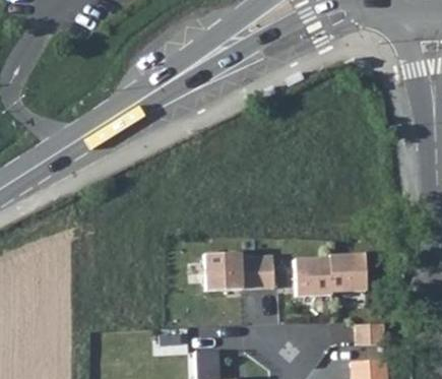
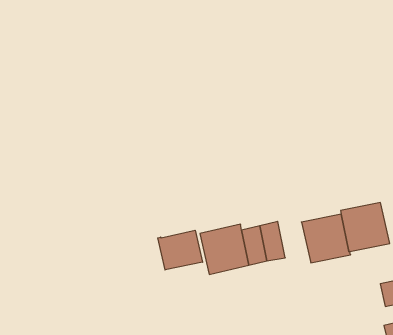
building: none -> [158,230,203,270]

